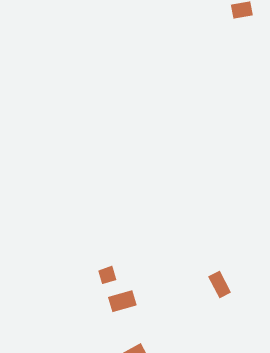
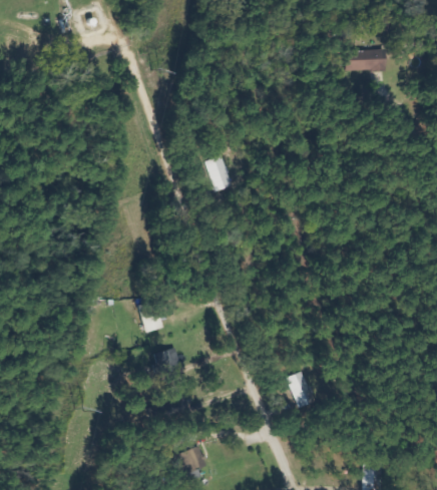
building: none -> [206,156,232,191]
building: [107,289,138,313] -> none

